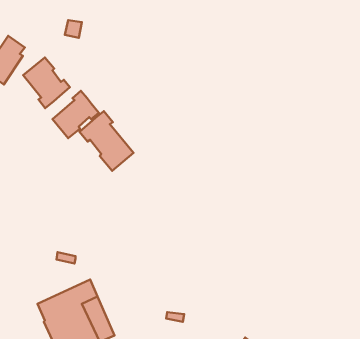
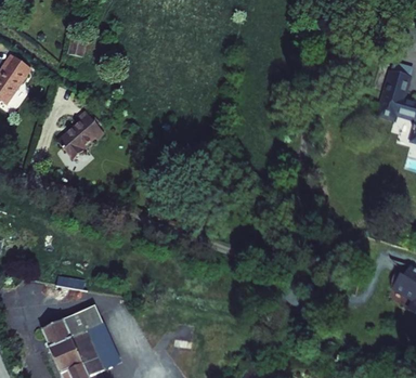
building: [23,57,70,108] -> none
building: [80,111,133,171] -> none

